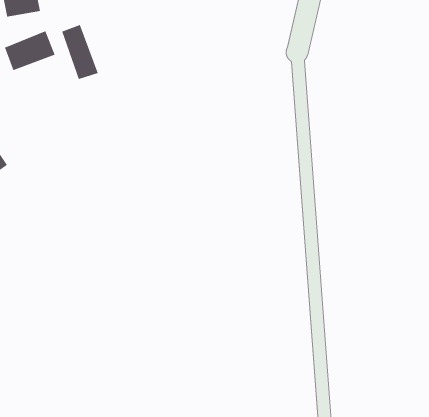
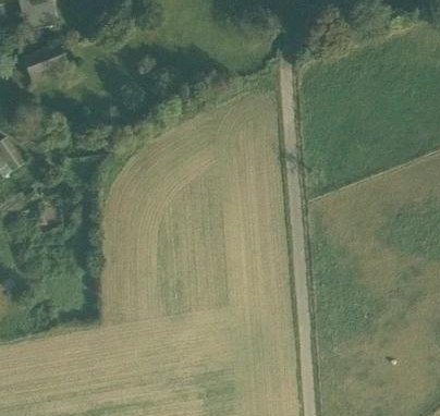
building: [62,24,98,80] -> none

